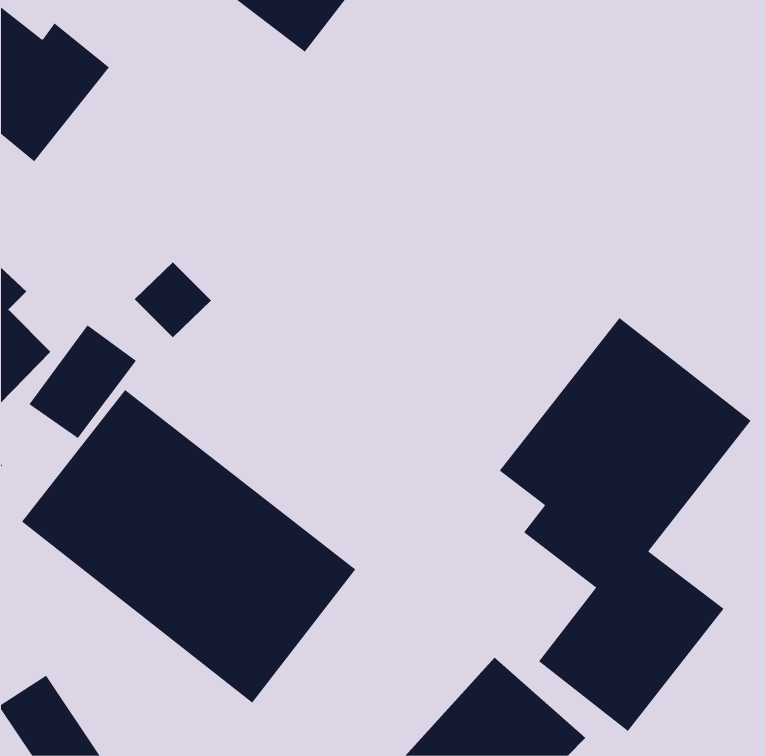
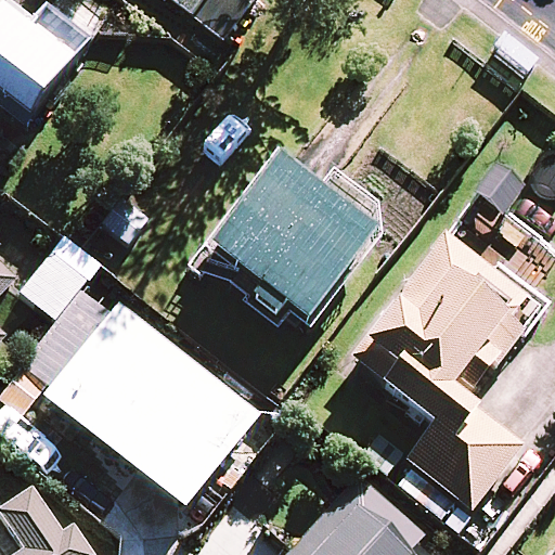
building: none -> [208,158,374,323]

